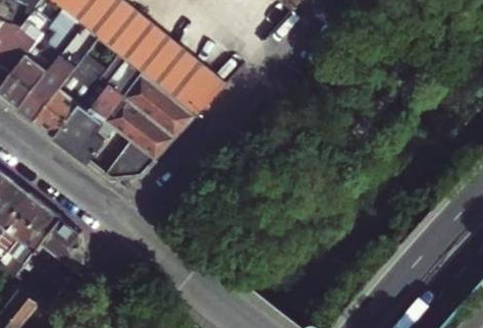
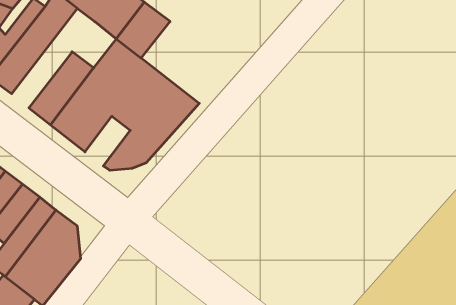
building: [19,25,98,119] -> none
building: [142,38,227,115] -> none

